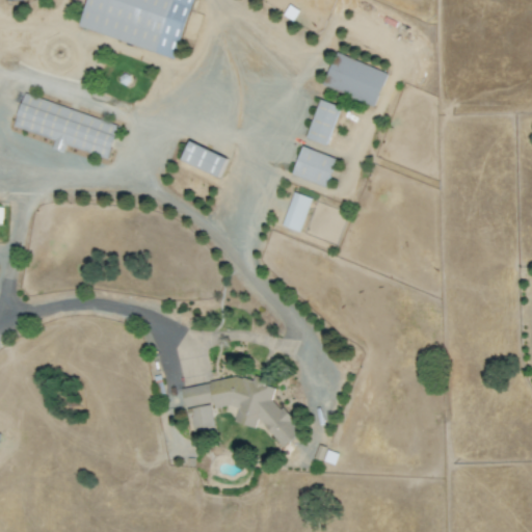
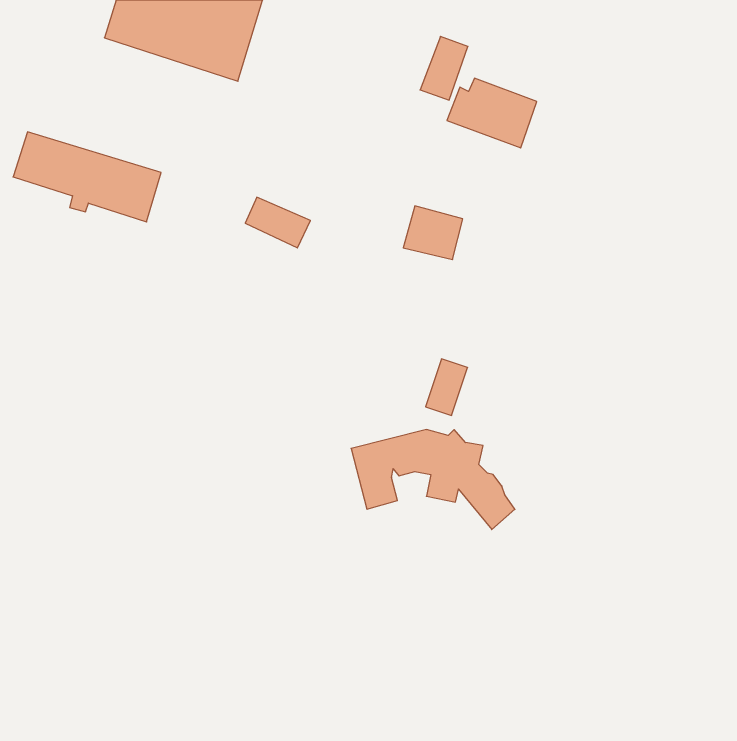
building: [307,100,341,145] -> [420,36,468,100]
building: [283,192,313,233] -> [426,359,468,415]
building: [182,376,299,448] -> [351,430,515,530]

